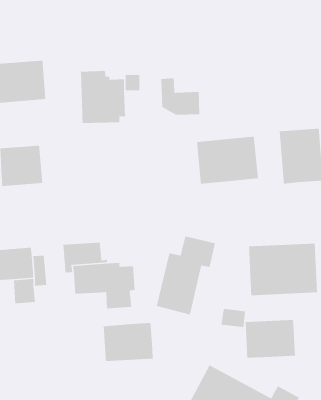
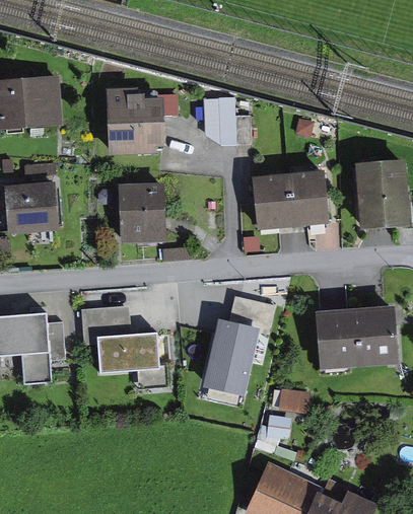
building: none -> [119,181,167,244]
building: [245,319,296,358] -> none
building: [103,322,154,362] -> none

